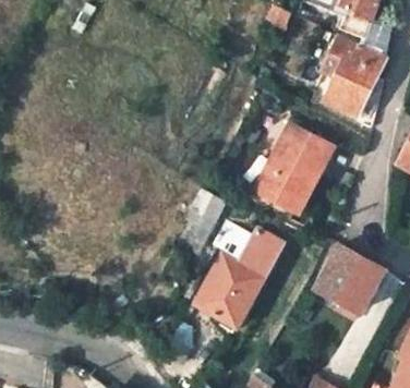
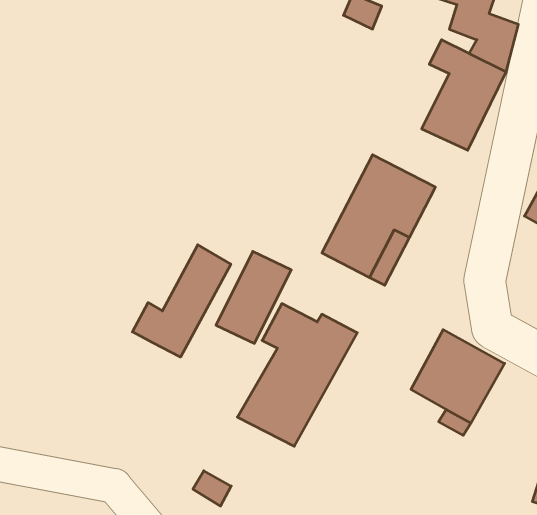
building: none -> [132,245,231,357]

